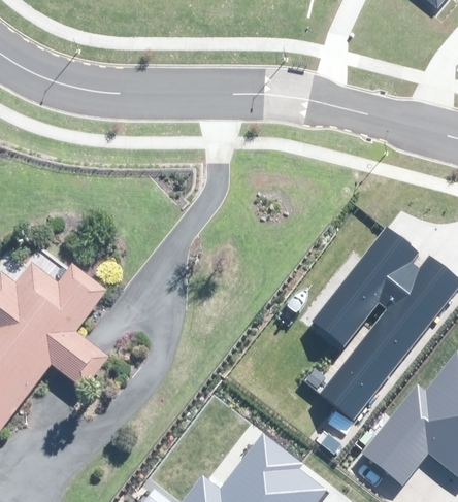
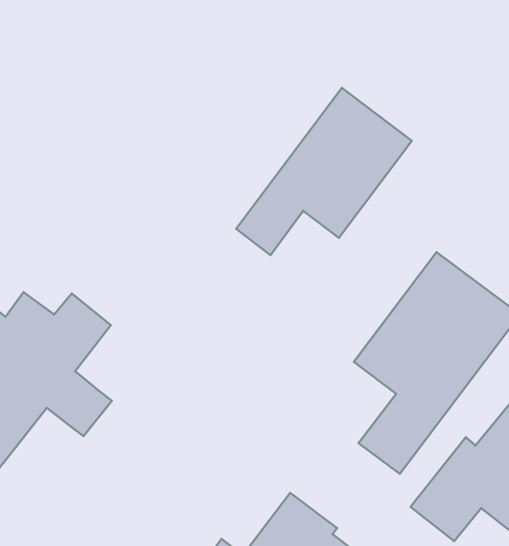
building: none -> [236,88,412,255]

